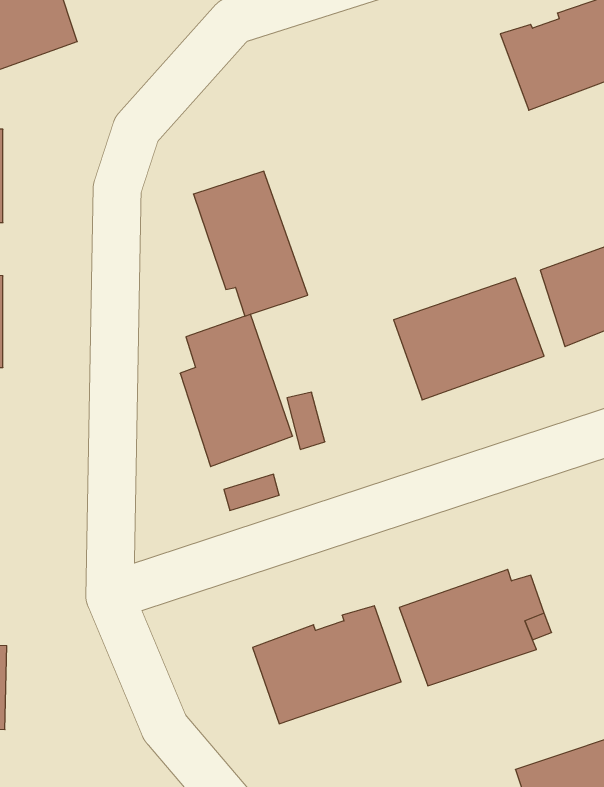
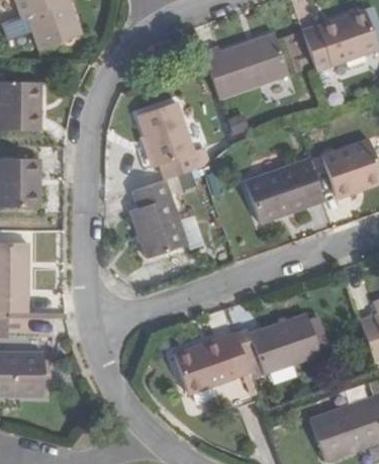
building: none -> [202,30,289,96]

